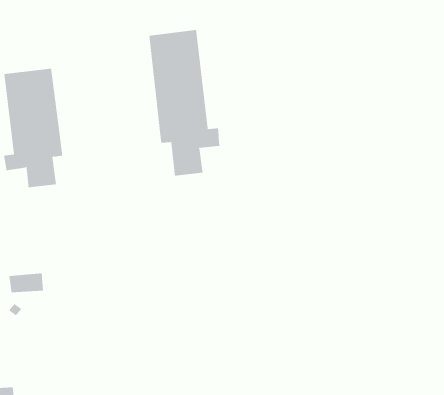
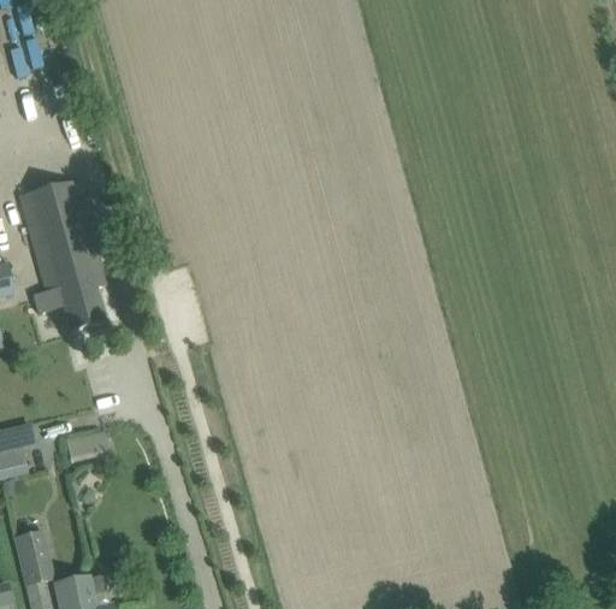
building: [149,29,220,177] -> none

